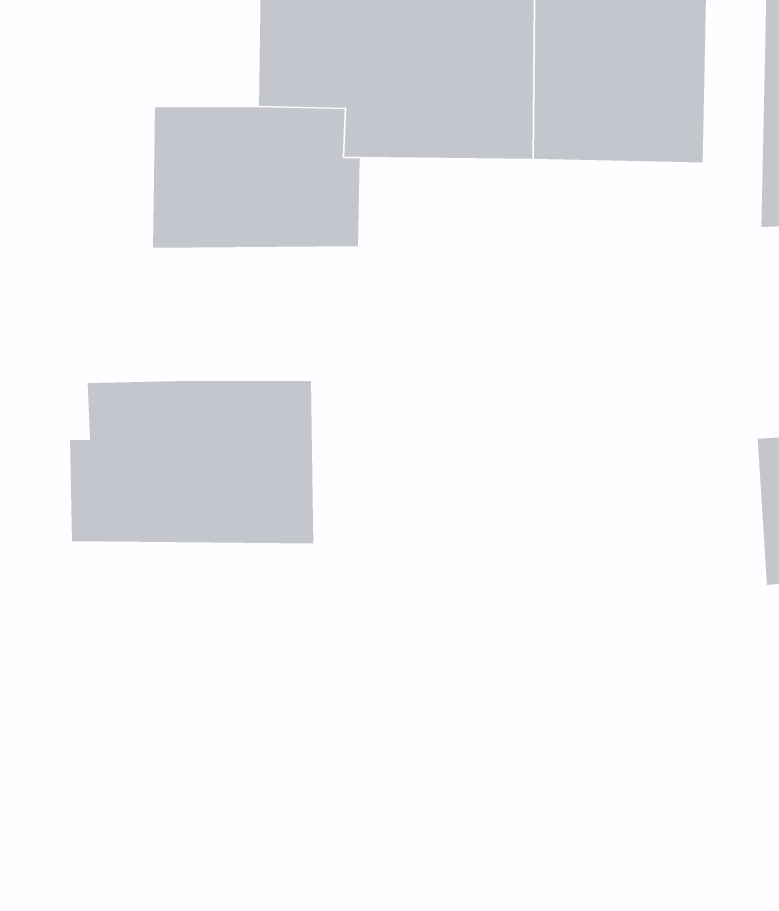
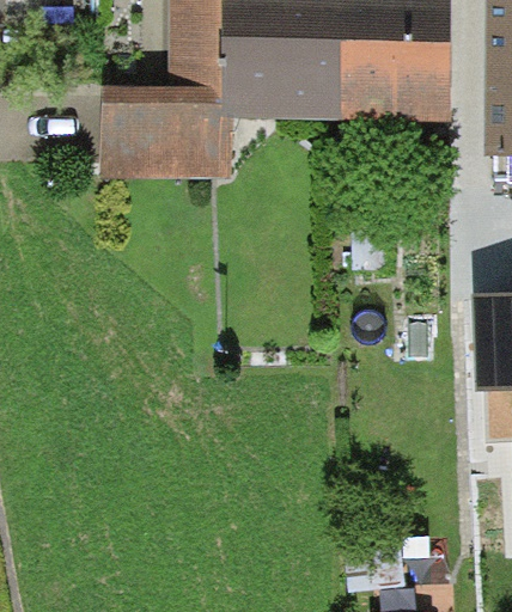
building: [69,380,314,544] -> none

